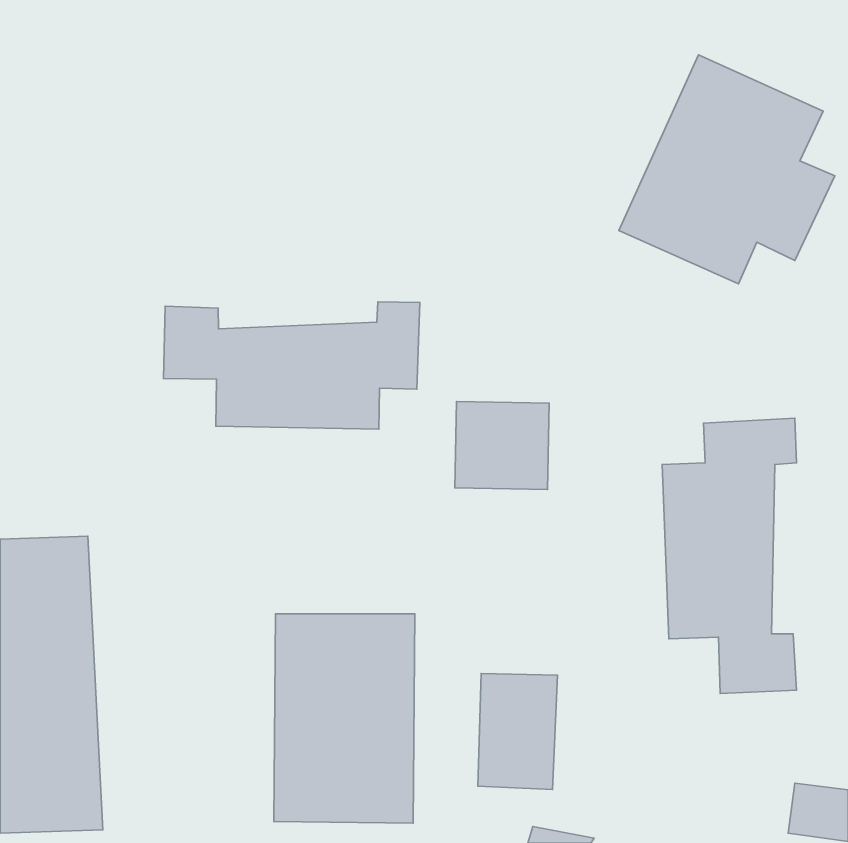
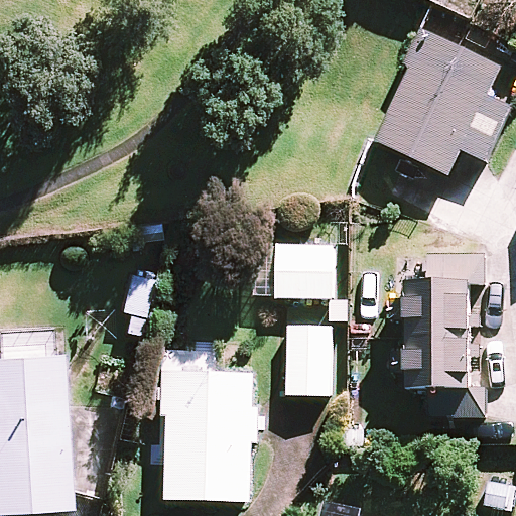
building: [164,302,420,429] -> none
building: [478,673,557,790] -> [287,324,336,394]

